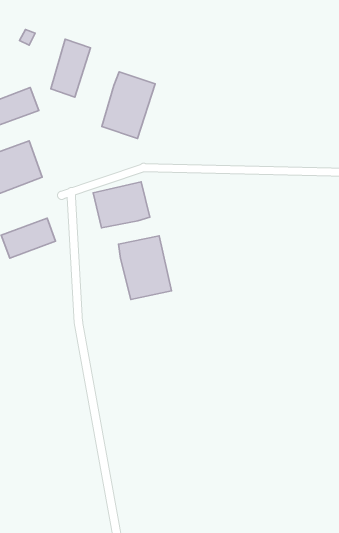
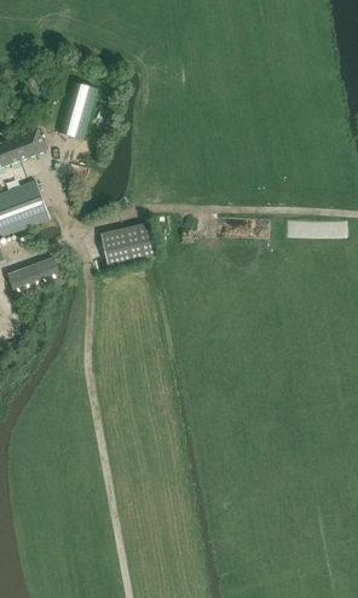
building: [102,72,155,139] -> none
building: [118,236,171,299] -> none

